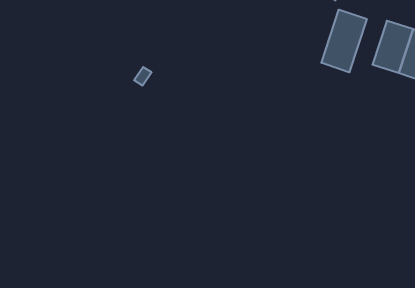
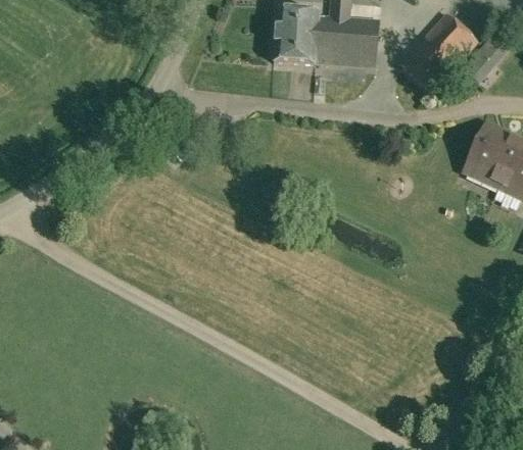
building: [321,10,367,72] -> none

